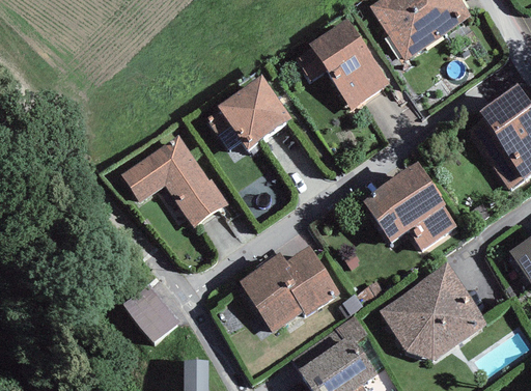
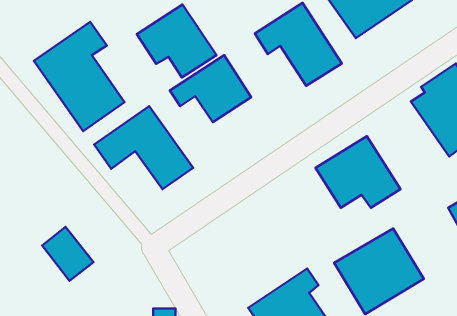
building: none -> [137,4,216,78]
building: none -> [34,22,124,131]
building: [239,249,340,335] -> none
building: [123,282,180,342] -> [42,227,94,281]

